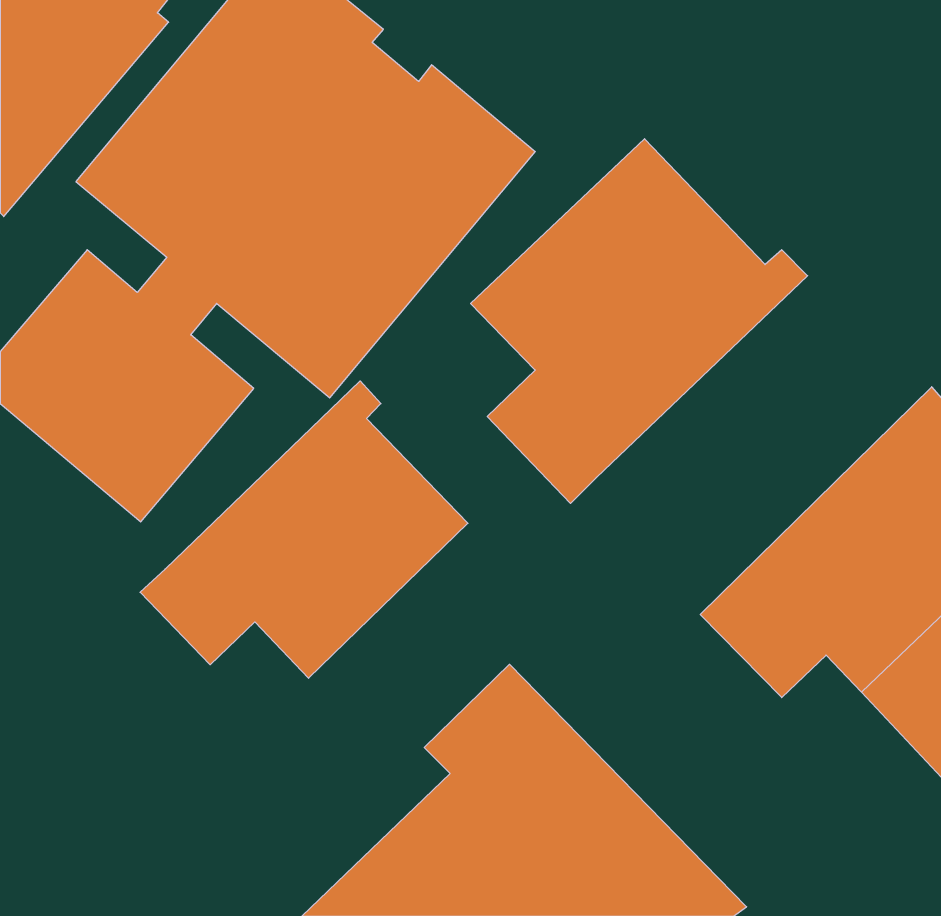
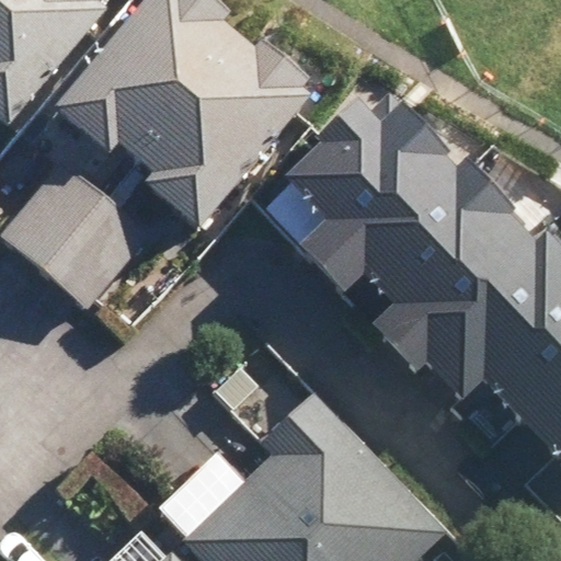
building: none -> [356,163,554,375]
building: [140,381,468,678] -> none

